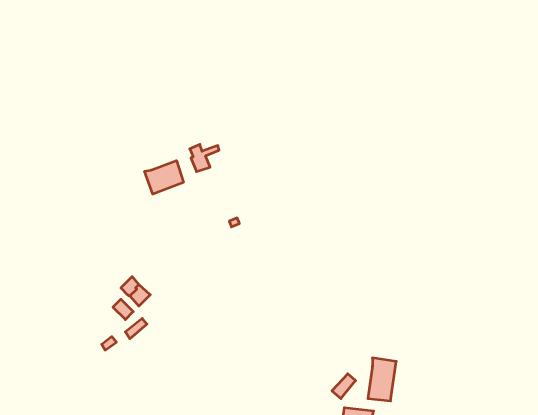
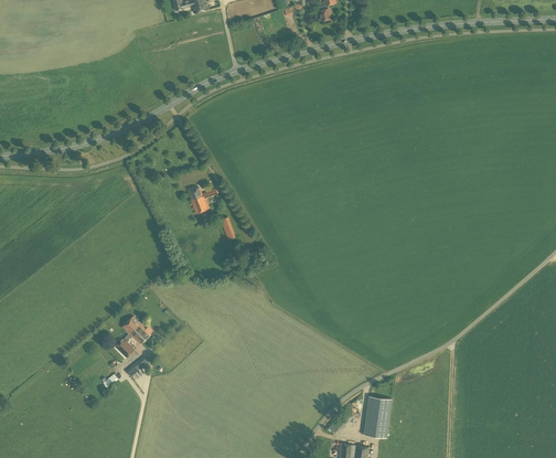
building: [145,161,183,194] -> none

